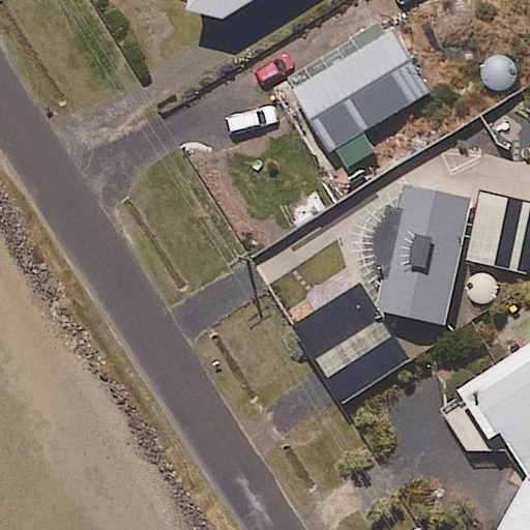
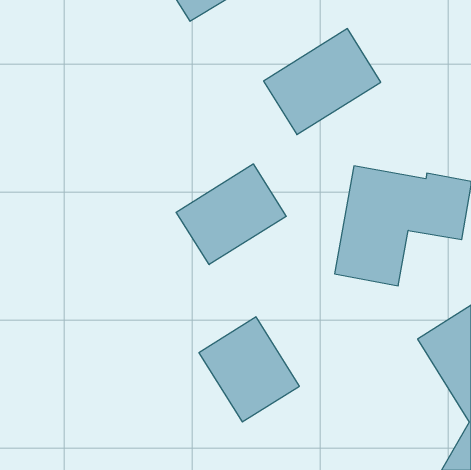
building: none -> [176,164,286,265]
building: [294,282,407,400] -> [199,317,299,422]

